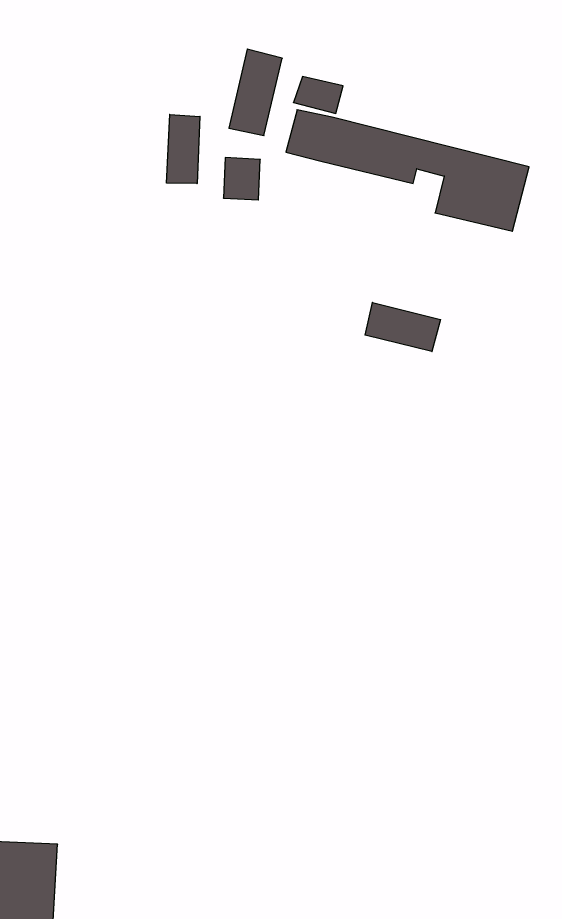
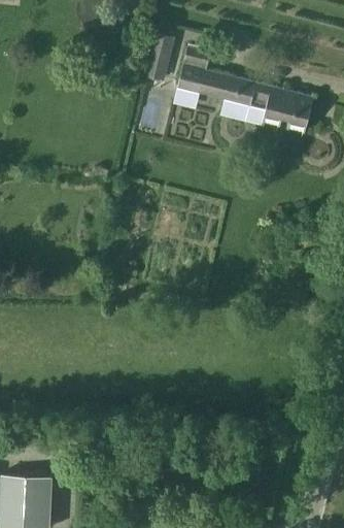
building: [167,114,200,184] -> none
building: [365,302,441,352] -> none

